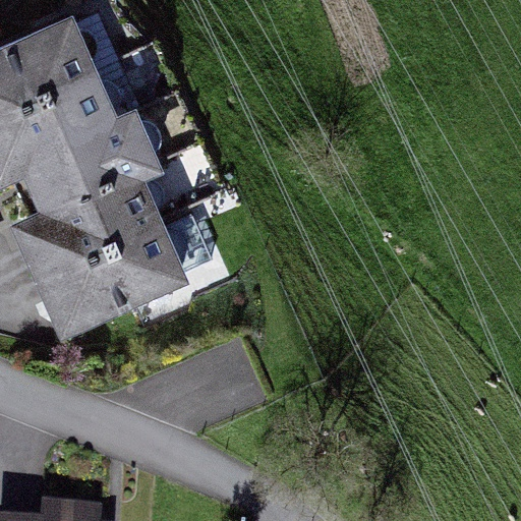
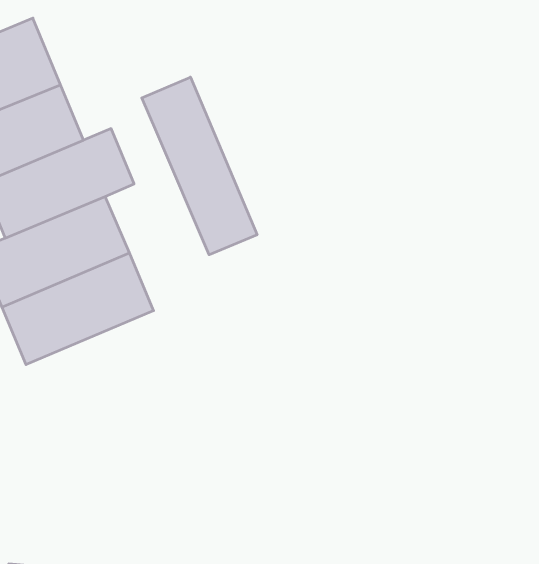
building: none -> [142,77,257,255]

